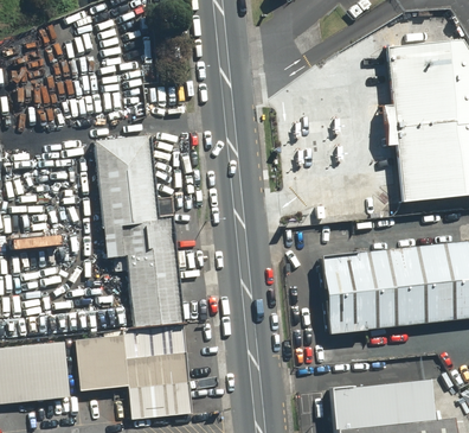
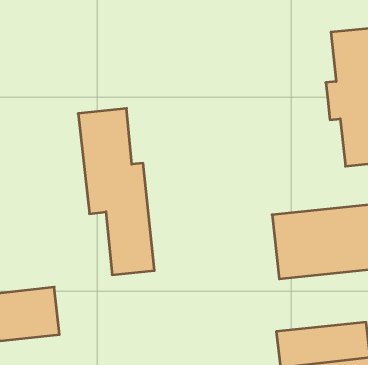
building: [77,321,192,421] -> none

